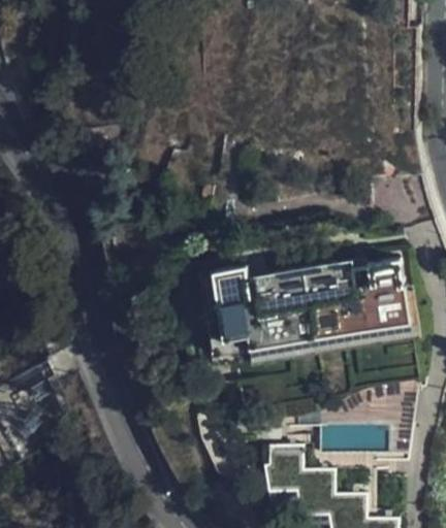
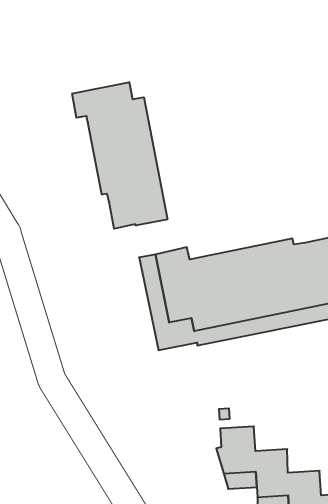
building: none -> [72,82,167,229]

